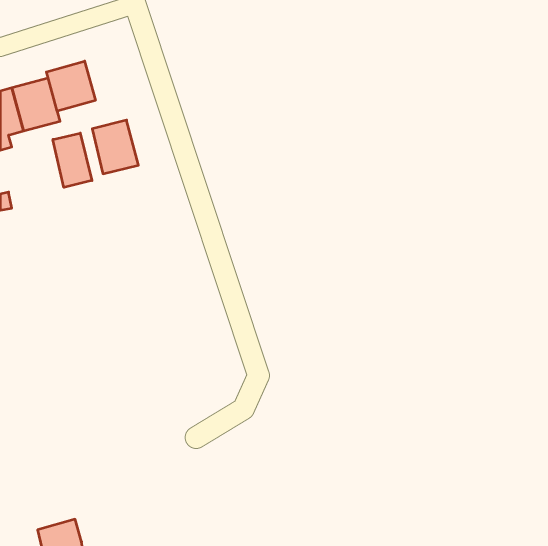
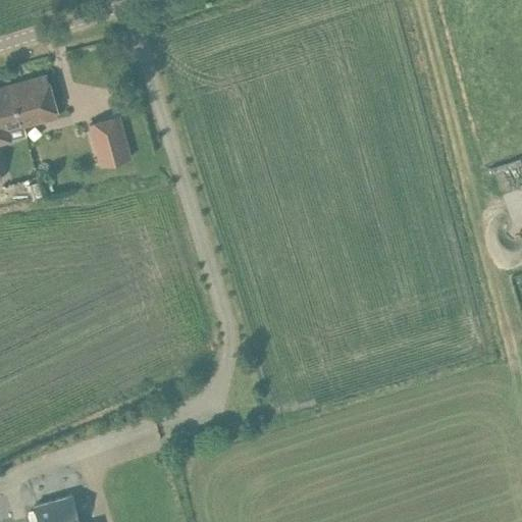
building: [46,61,95,111] -> none
building: [53,133,92,187] -> none

